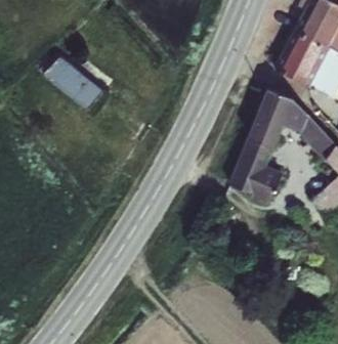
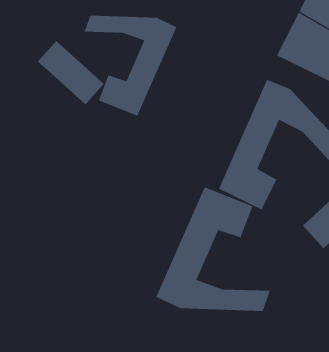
building: none -> [84,15,177,116]
building: none -> [156,187,271,312]

